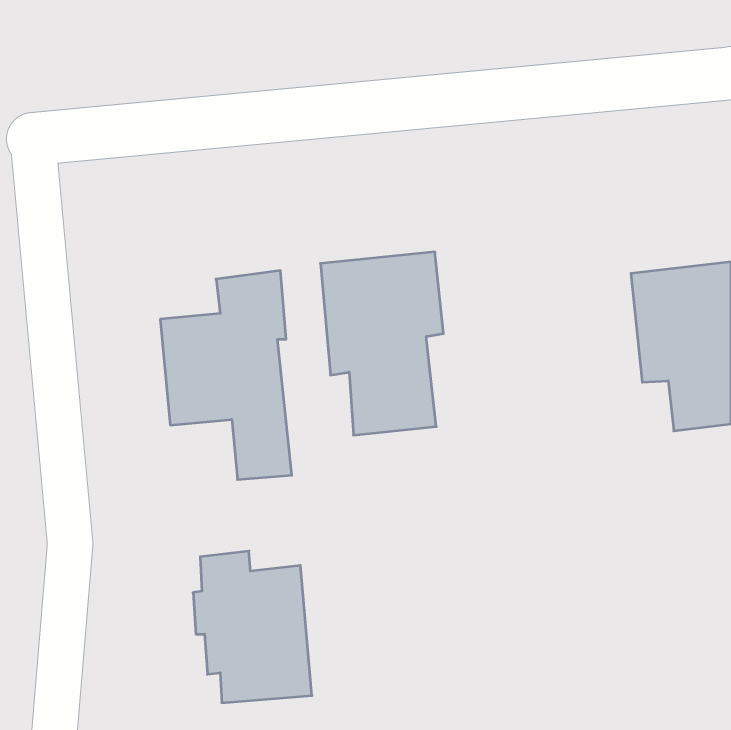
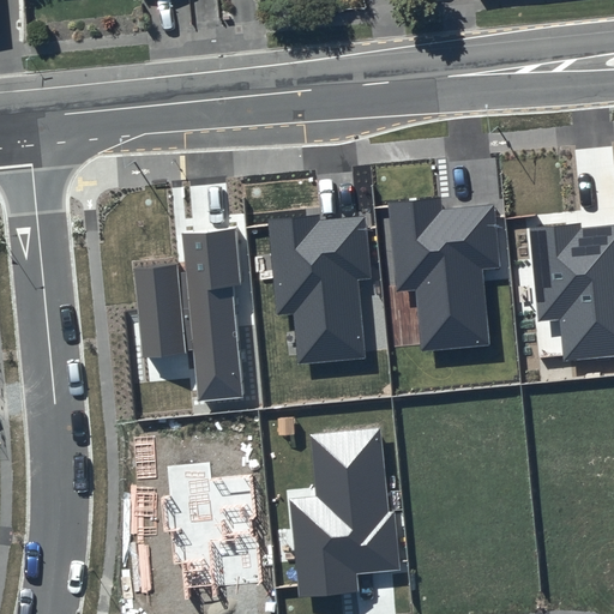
building: none -> [387,198,500,353]
building: none -> [289,428,399,598]

